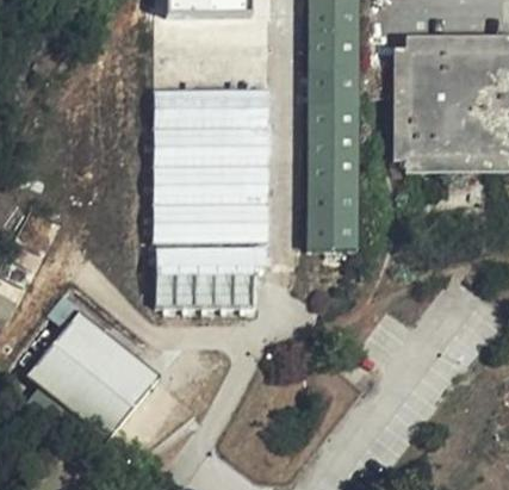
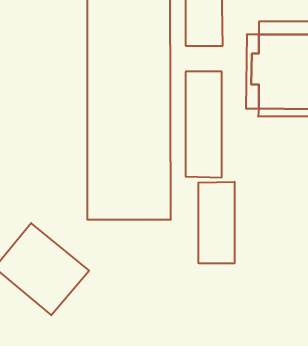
building: [299,67,350,103] -> none
building: none -> [199,182,235,263]

